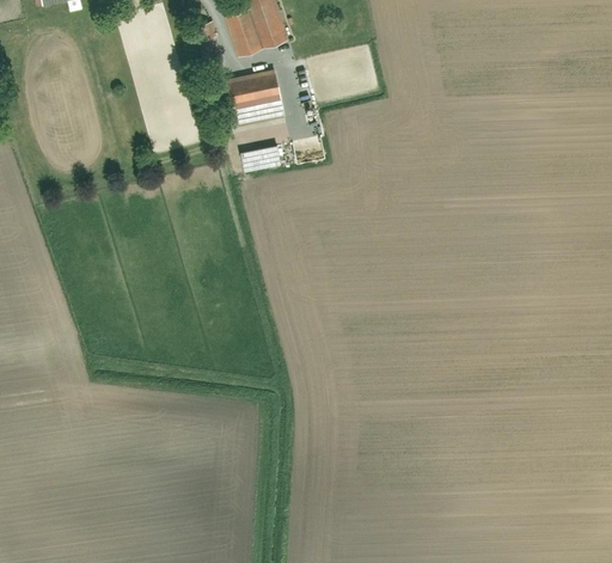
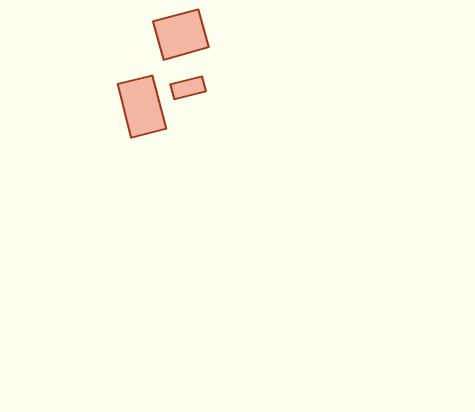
building: none -> [118,75,166,138]

